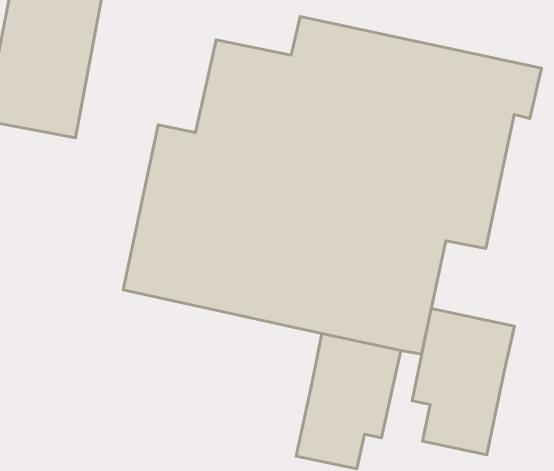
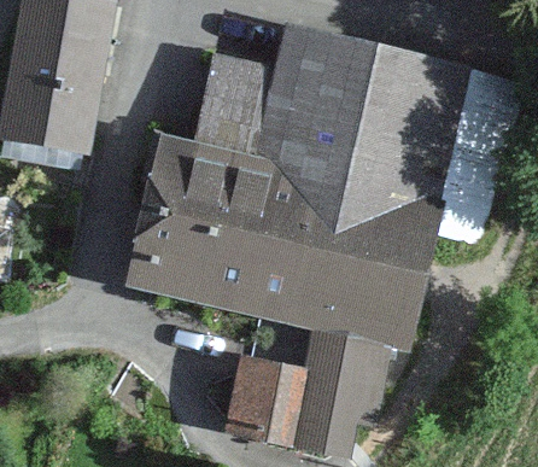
building: [412,308,515,455] -> none
building: none -> [224,357,305,443]

